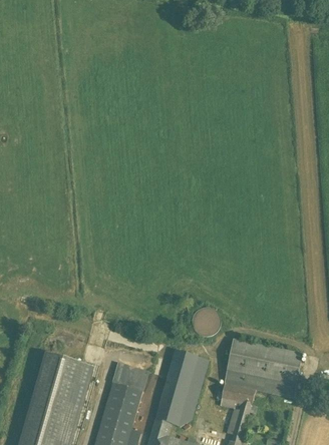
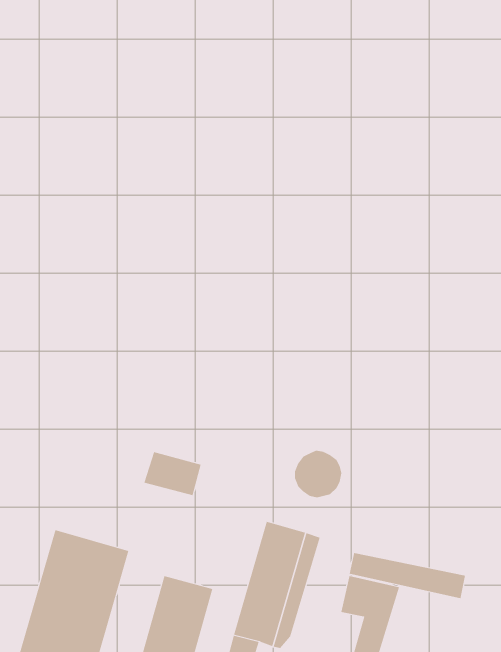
building: [228,340,302,383] -> none
building: [112,364,147,391] -> [144,451,201,496]

